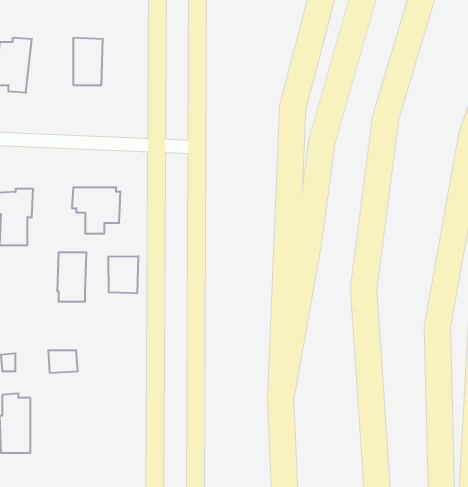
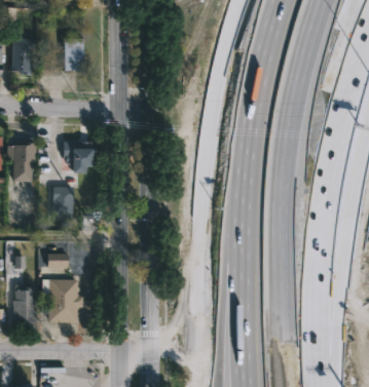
building: [109,256,138,293] -> none
building: none -> [42,280,83,323]

